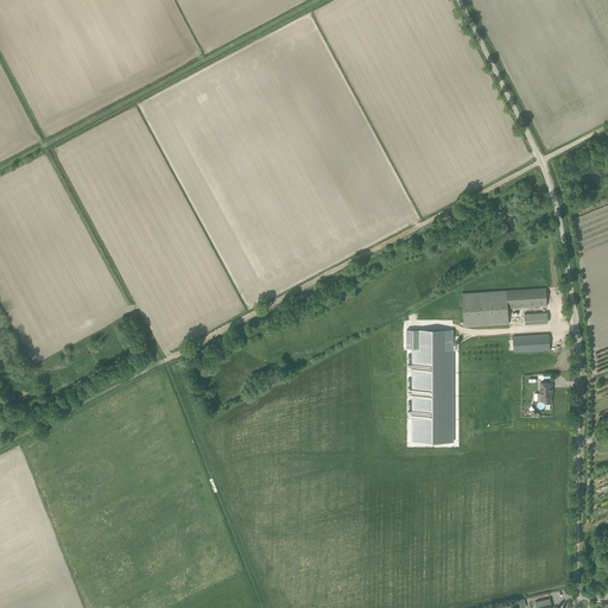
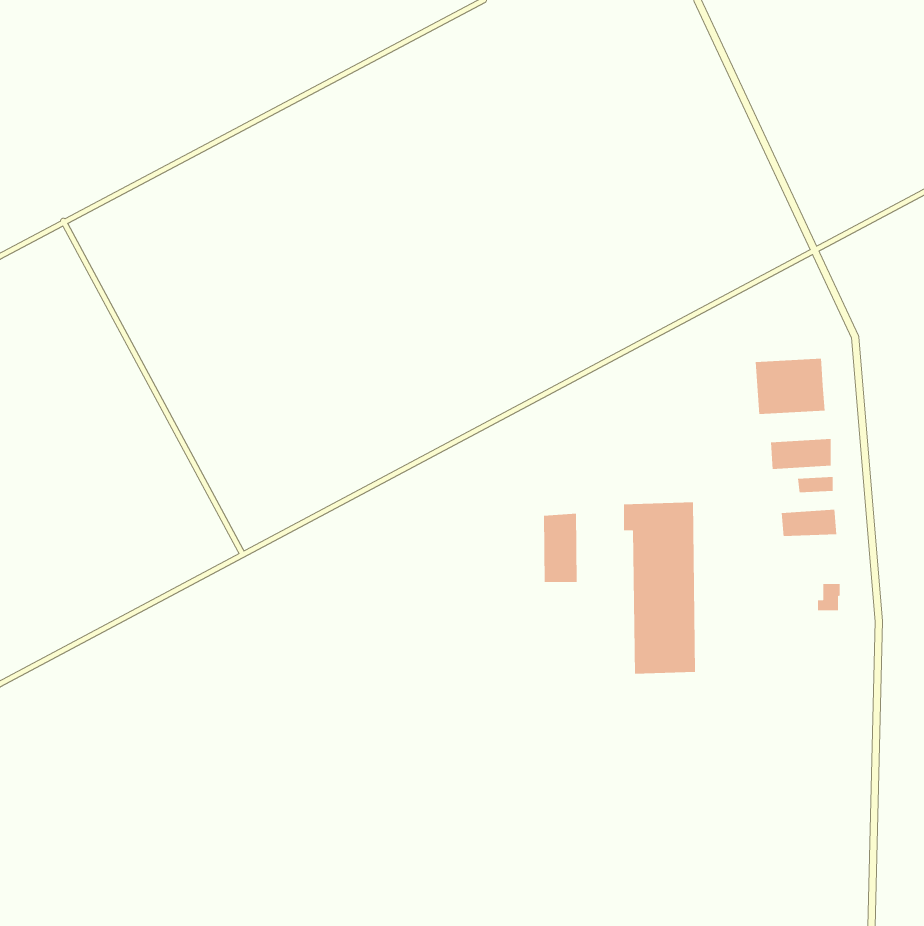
building: [461,290,507,327] -> [755,358,825,414]
building: none -> [544,513,577,583]

